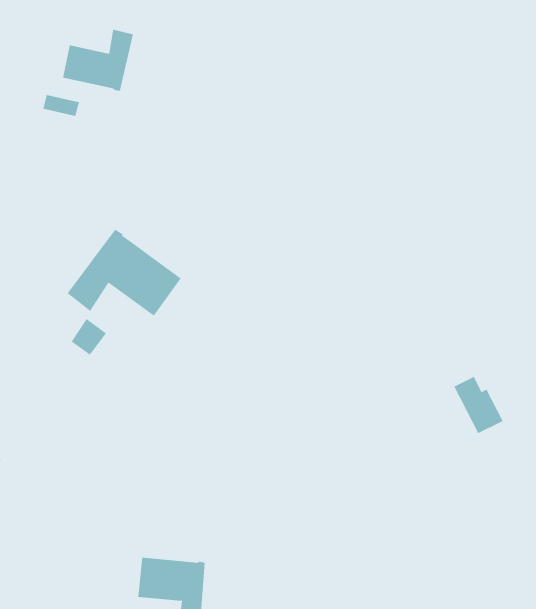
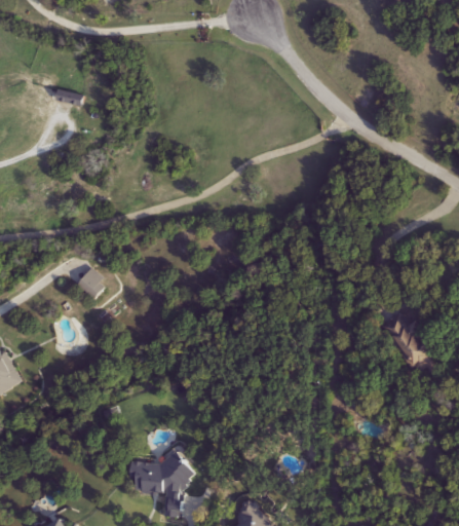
building: [62,29,133,91] -> none
building: [67,229,181,317] -> none

